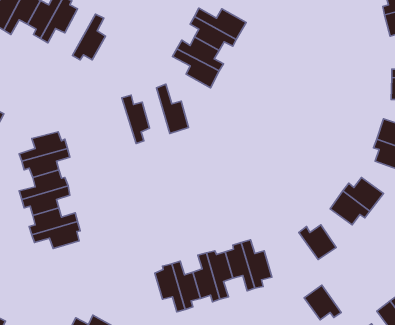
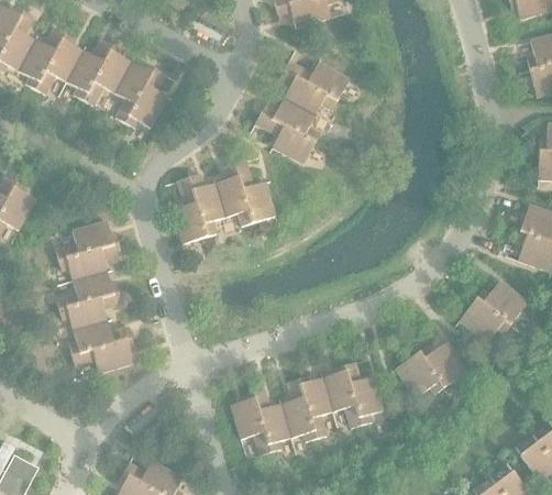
building: none -> [114,62,154,122]
building: none -> [214,164,251,227]
building: none -> [173,177,207,243]
building: [304,285,341,320] -> [395,352,443,397]

